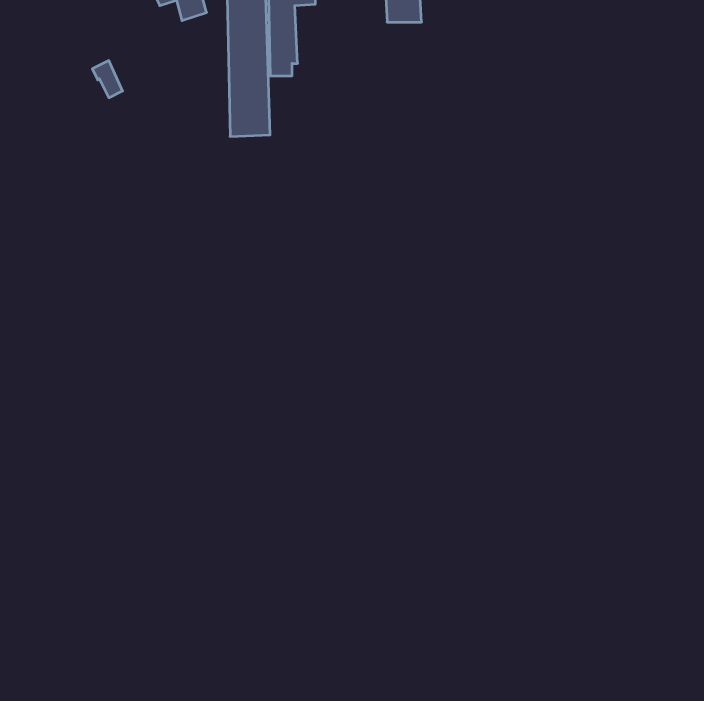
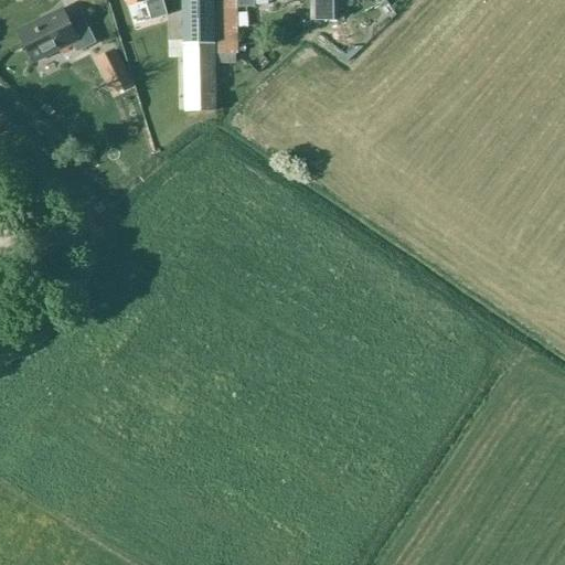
building: none -> [18,10,95,61]

